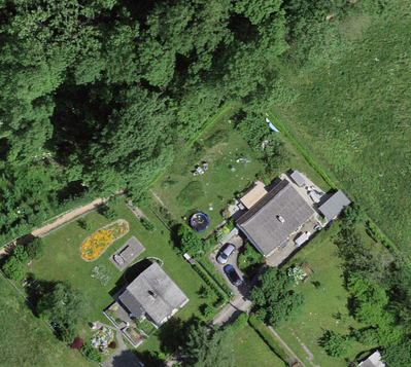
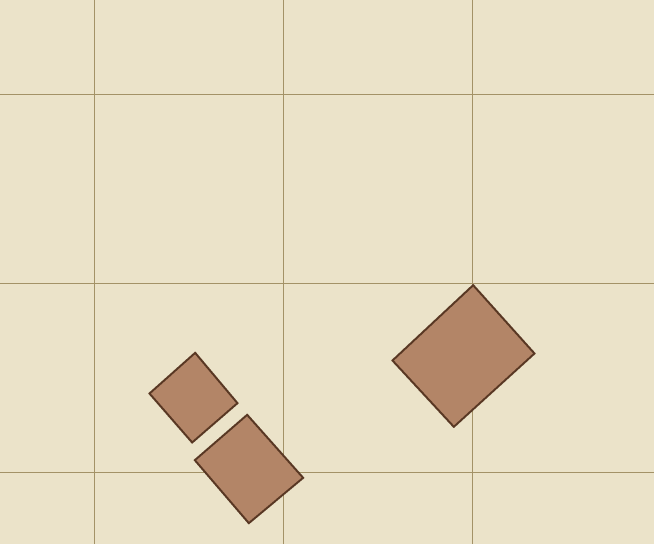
building: none -> [150,353,237,442]

